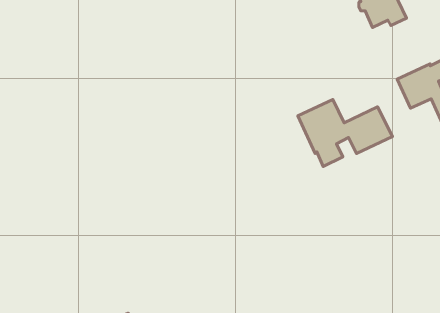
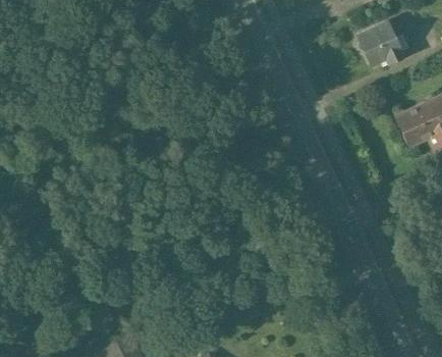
building: [298,99,393,166] -> none

